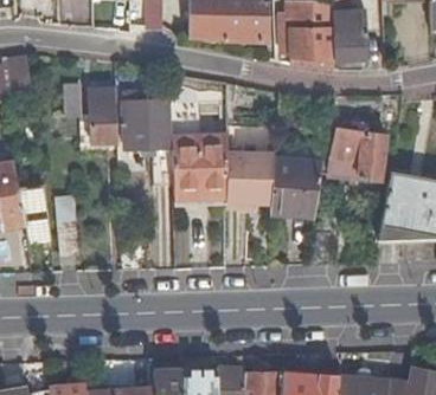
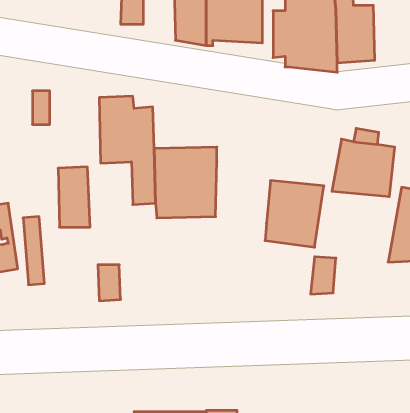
building: [90,91,118,144] -> [58,167,90,227]
building: [226,149,276,211] -> none

